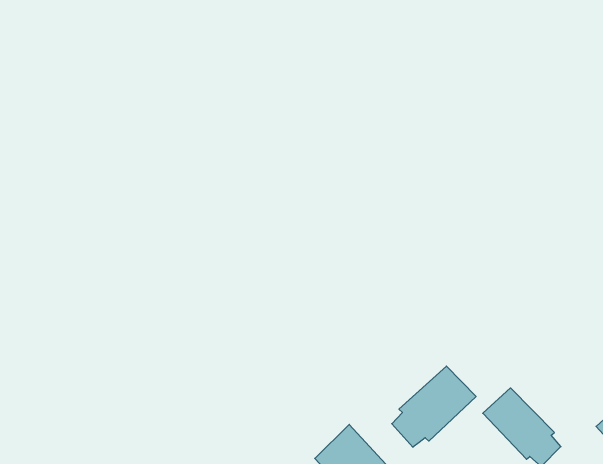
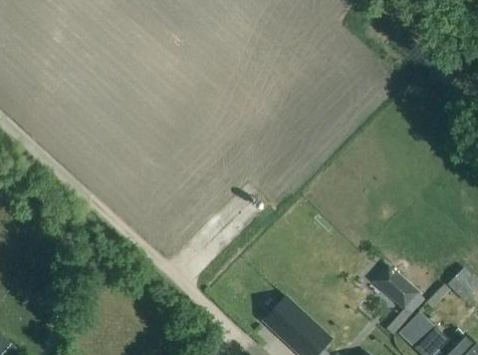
building: [392,366,476,447] -> none

